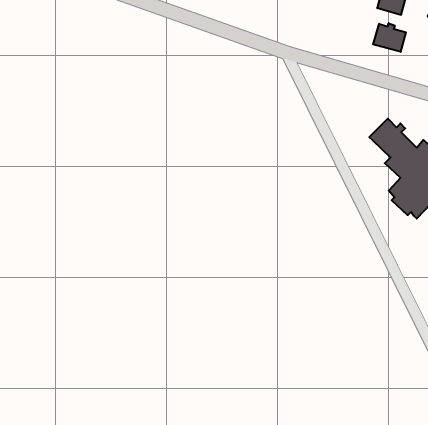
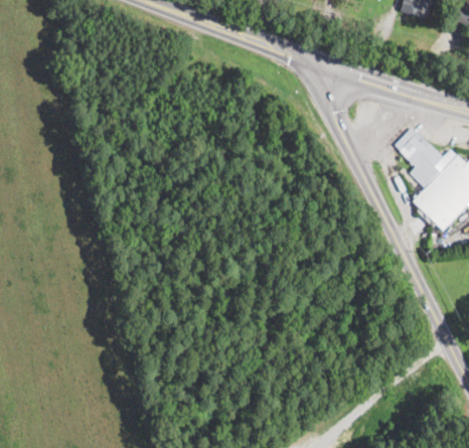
building: [373,23,406,52] -> none

